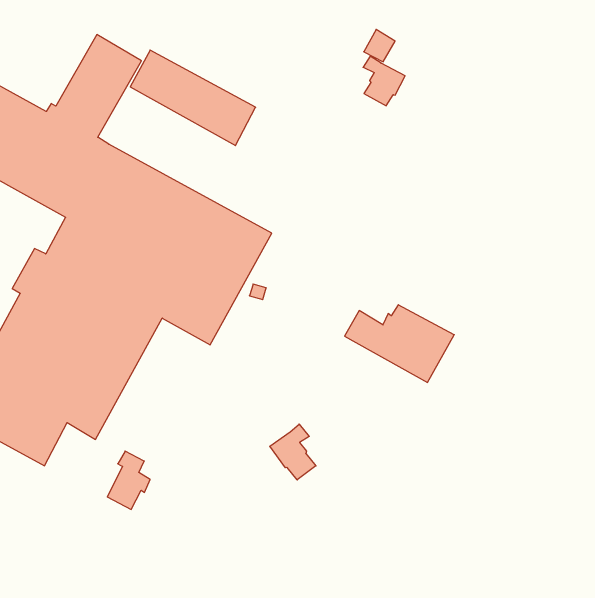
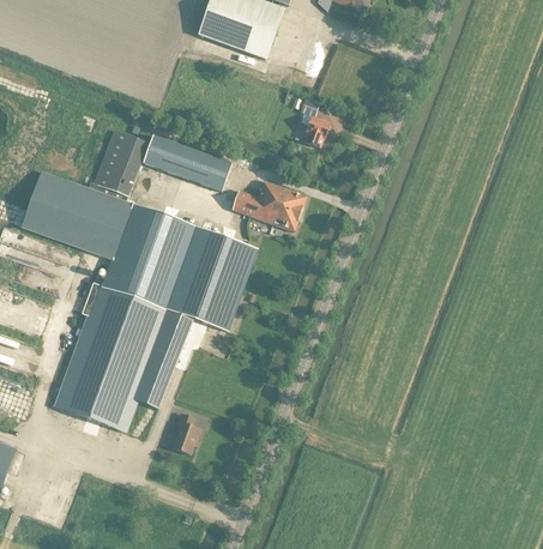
building: [345,305,454,382] -> [231,181,307,231]
building: [270,424,316,480] -> none

